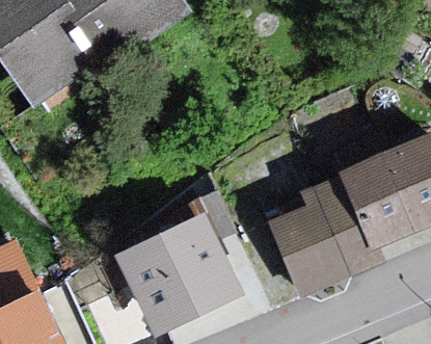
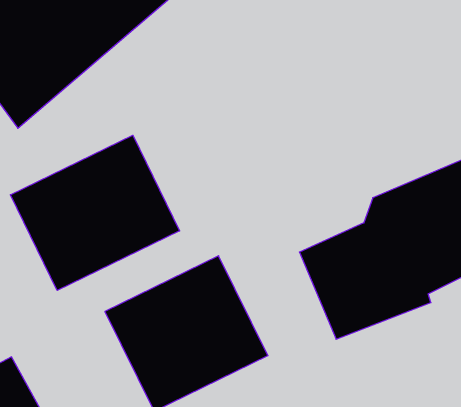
building: none -> [10,135,180,290]

